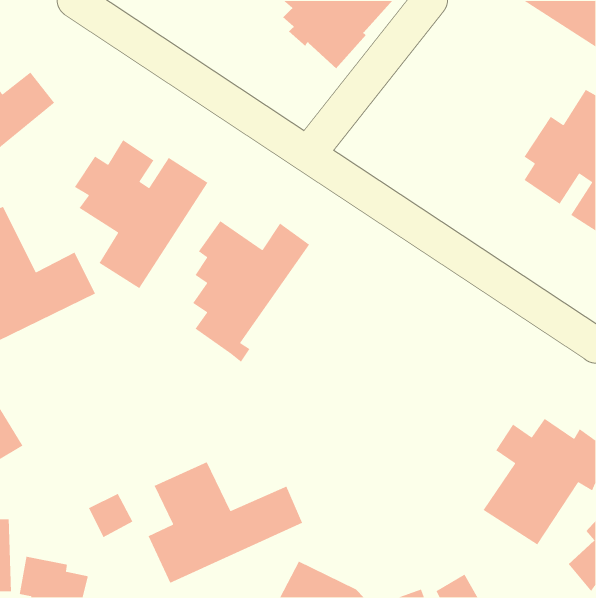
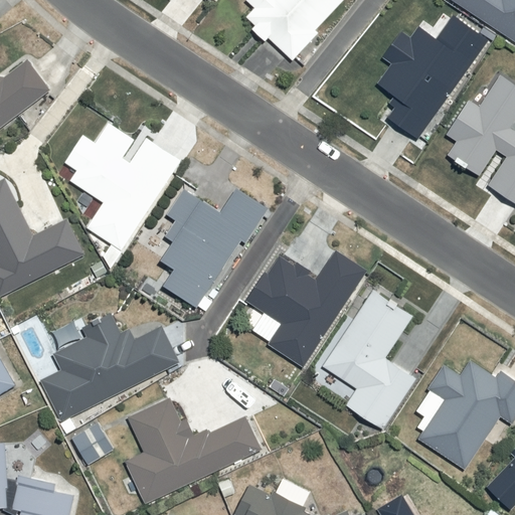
building: none -> [375,15,490,137]
building: none -> [240,249,363,368]
building: none -> [324,290,418,430]
building: none -> [41,313,180,419]

